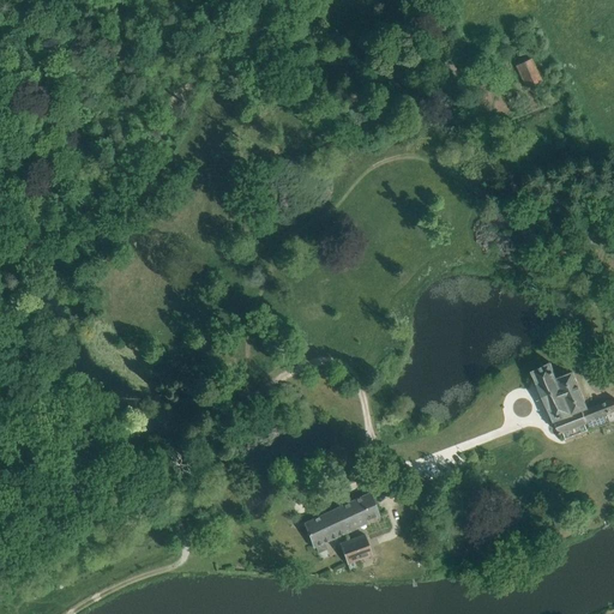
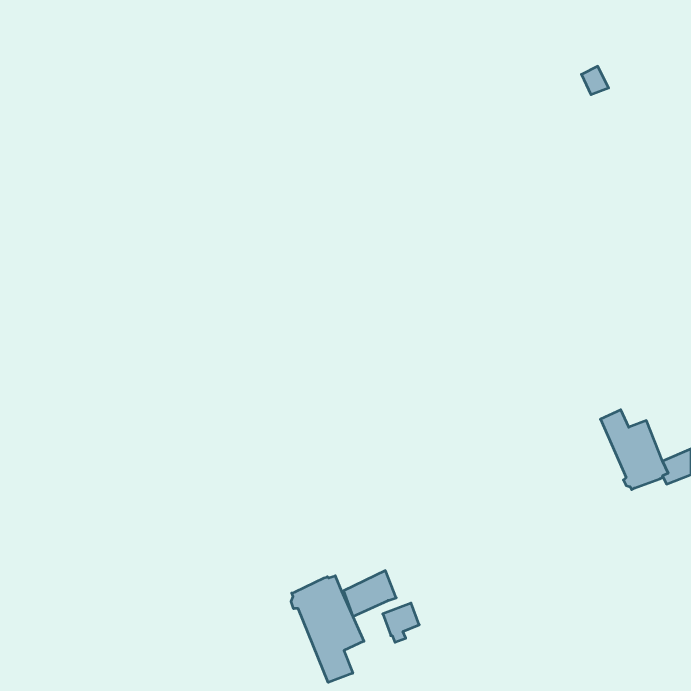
building: [342,494,378,530] -> none
building: none -> [291,576,364,682]

